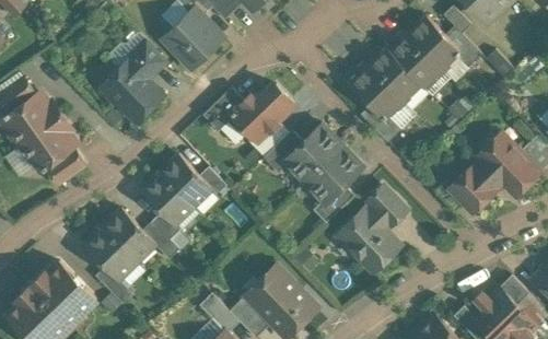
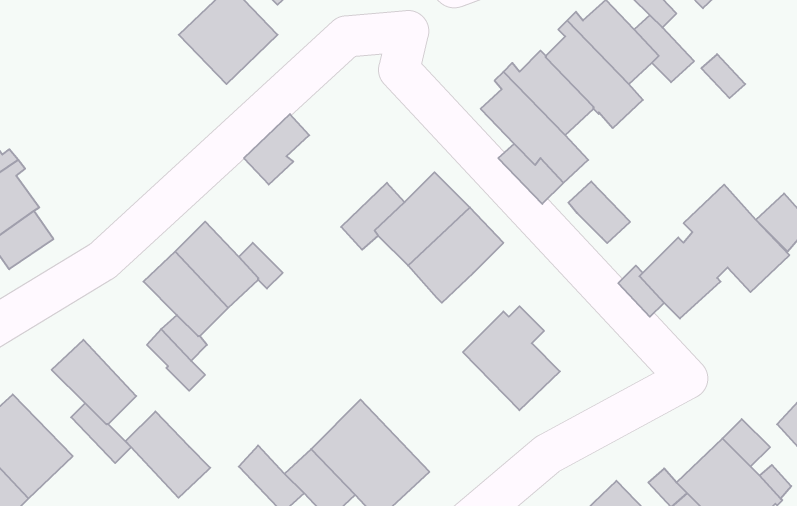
building: [101,43,164,121] -> none
building: [229,85,294,138] -> none
building: [313,186,353,223] -> none
building: [368,187,406,225] -> [568,181,630,243]
building: [103,209,155,262] -> [125,411,210,498]

